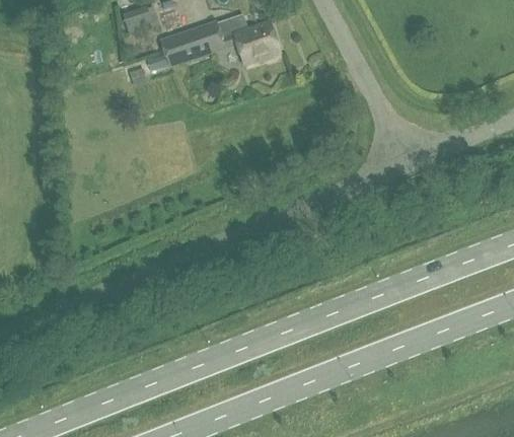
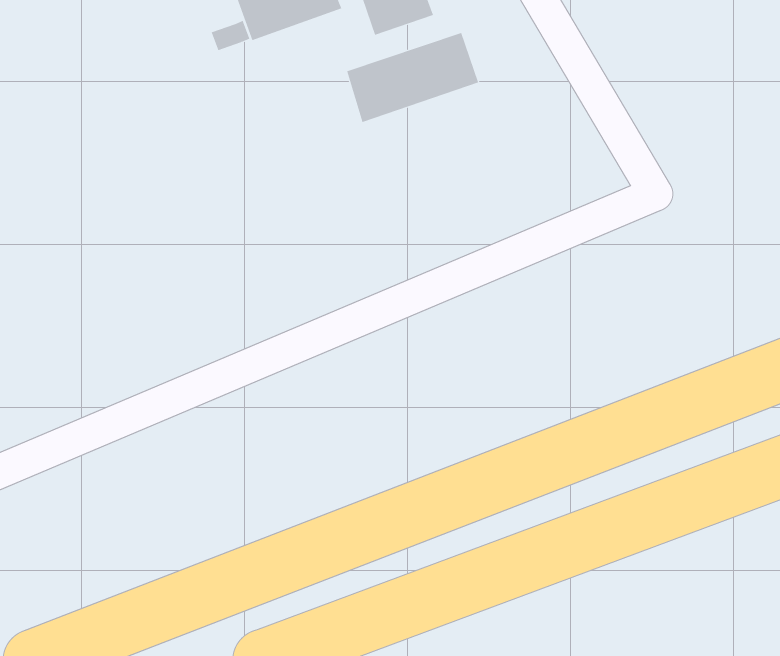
building: none -> [347,32,479,123]

